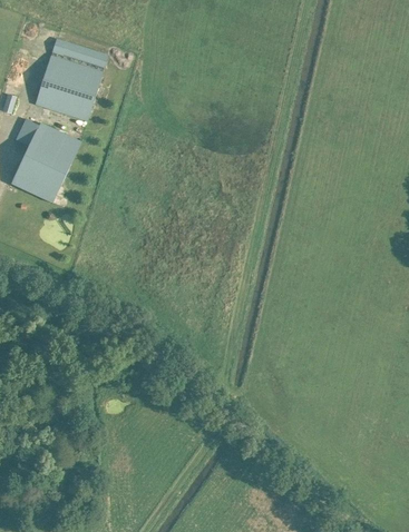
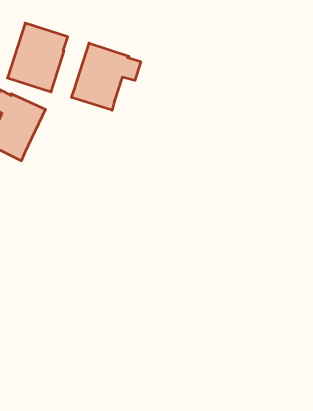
building: none -> [72,43,141,110]

